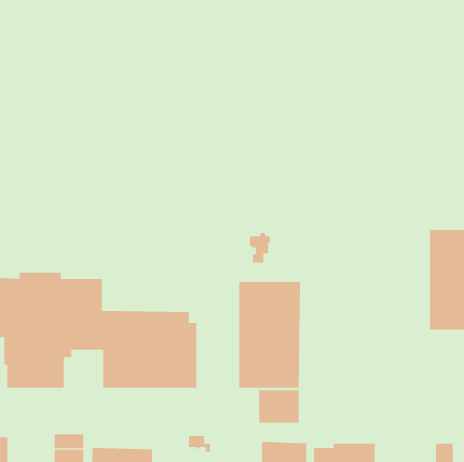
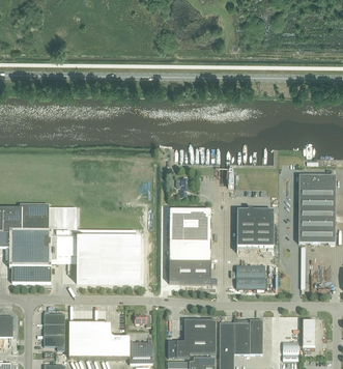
building: none -> [236,207,274,251]
building: [258,390,300,423] -> [236,264,264,287]

